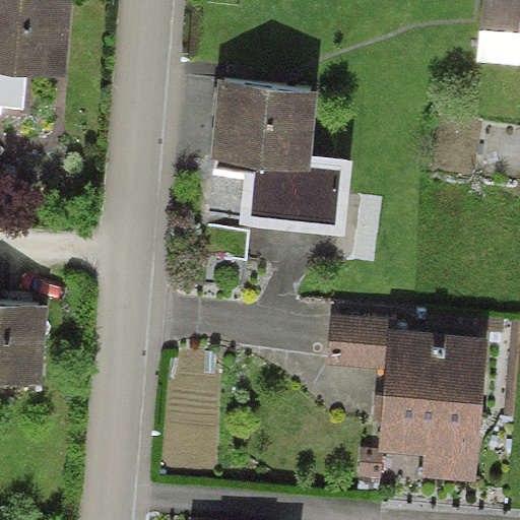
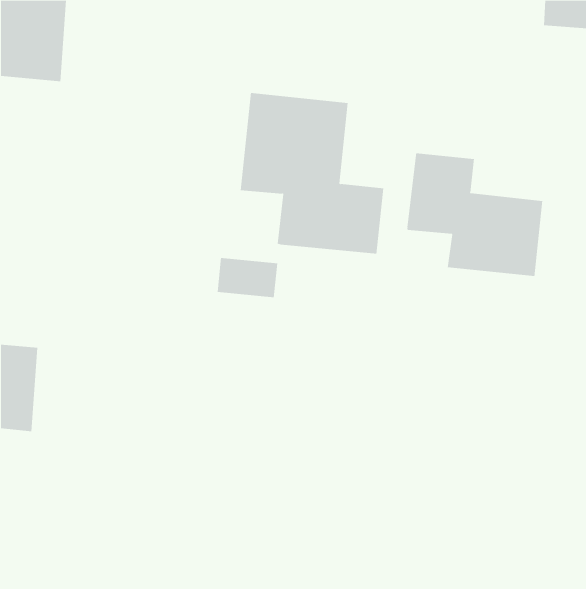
building: none -> [407,152,543,277]
building: [329,321,479,450] -> none

